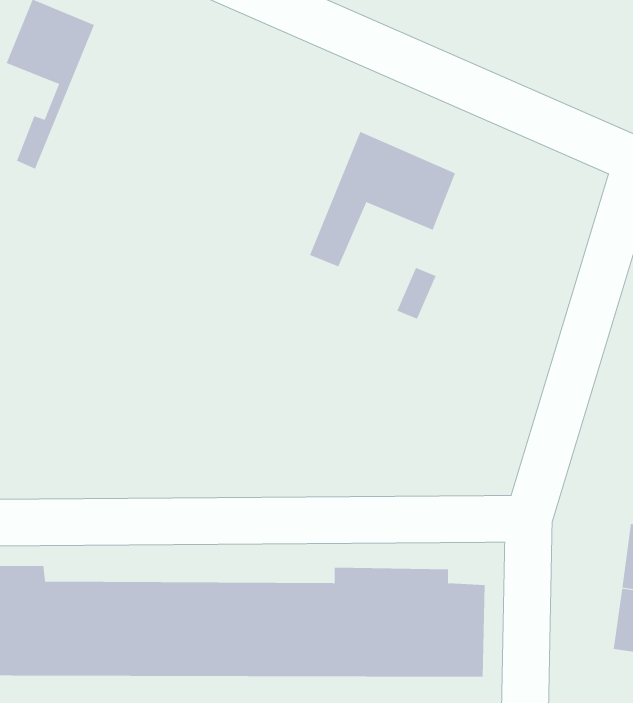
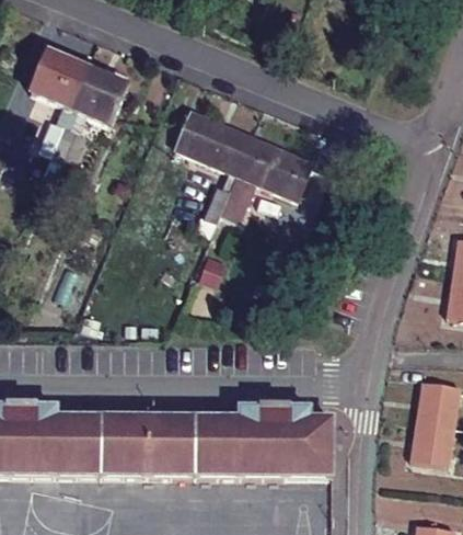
building: none -> [49,66,126,161]
building: none -> [176,109,253,217]

